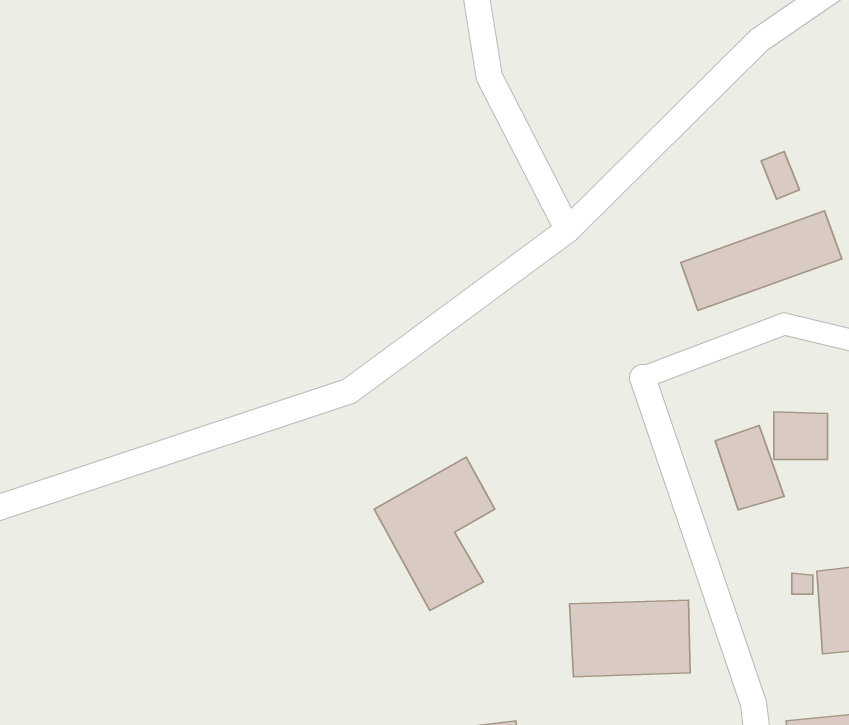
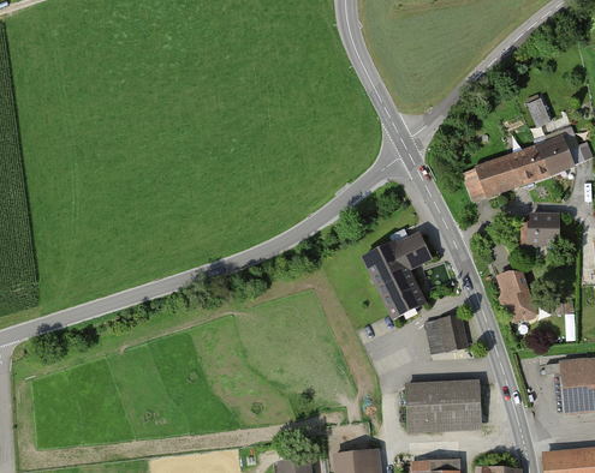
building: [774,412,827,460] -> [526,214,560,244]
building: [374,457,495,611] -> [359,224,435,321]
building: none -> [424,316,466,354]

